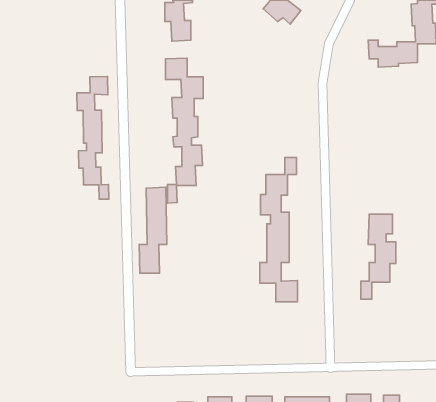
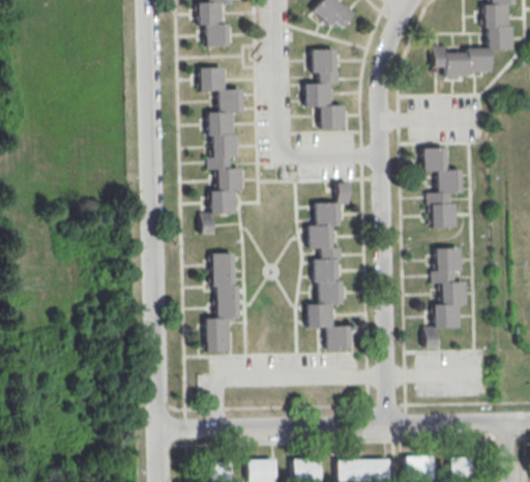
building: none -> [305,49,345,128]
building: [77,77,109,199] -> none
building: none -> [423,147,463,227]
building: [139,187,167,273] -> [206,252,238,352]

